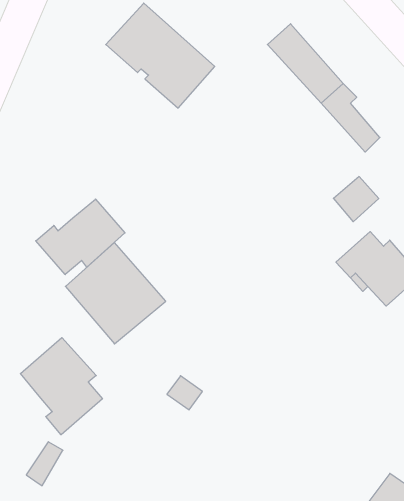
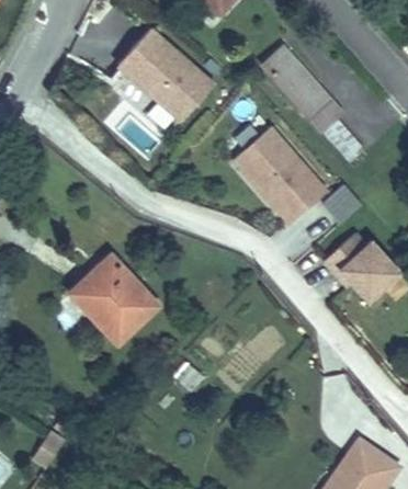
building: none -> [235,129,322,220]
building: [36,199,125,275] -> none
building: [20,338,102,435] -> none

